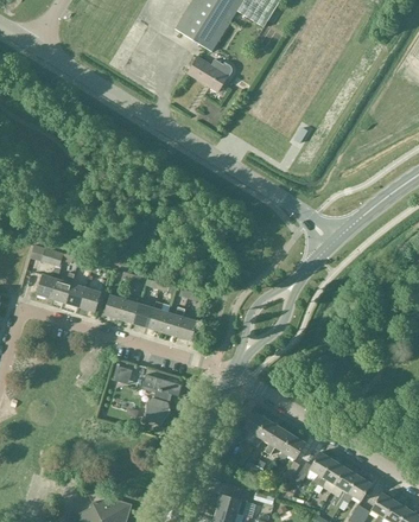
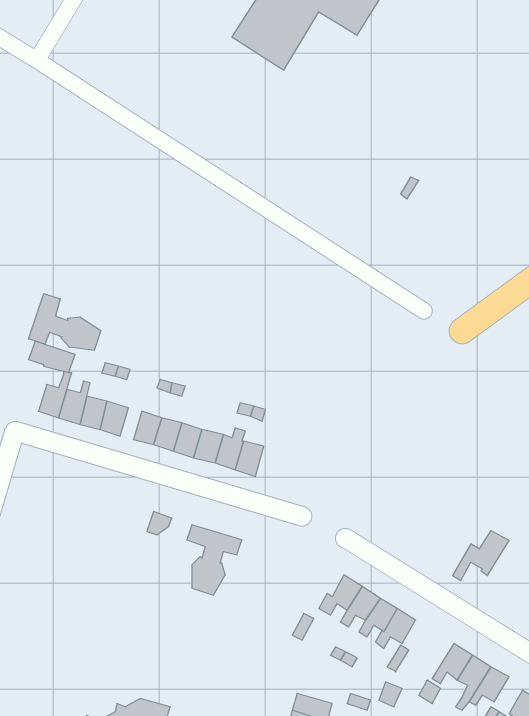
building: [186,57,231,93] -> none
building: none -> [28,294,101,350]
building: [292,452,332,488] -> [452,530,509,581]

